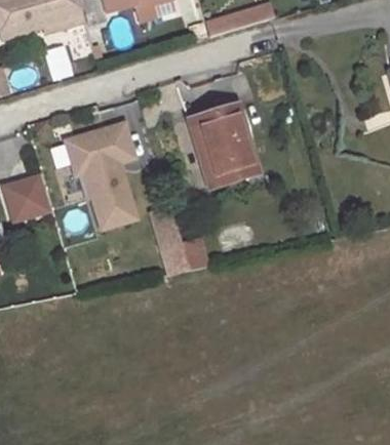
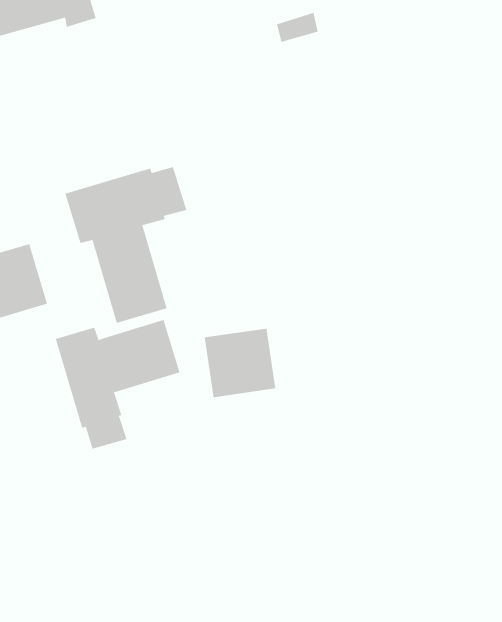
building: [187,104,258,190] -> none
building: none -> [55,319,180,449]

